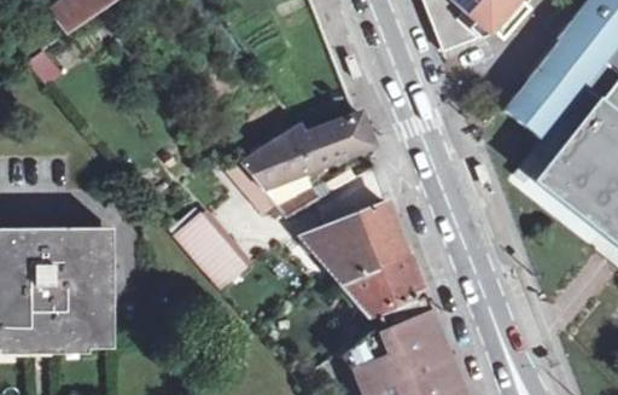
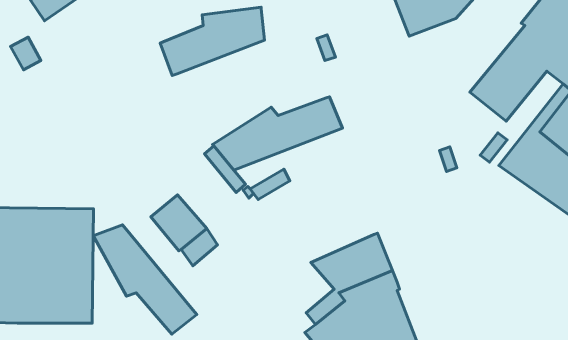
building: none -> [160,7,264,76]
building: [302,202,407,283] -> none
building: none -> [93,225,197,334]

